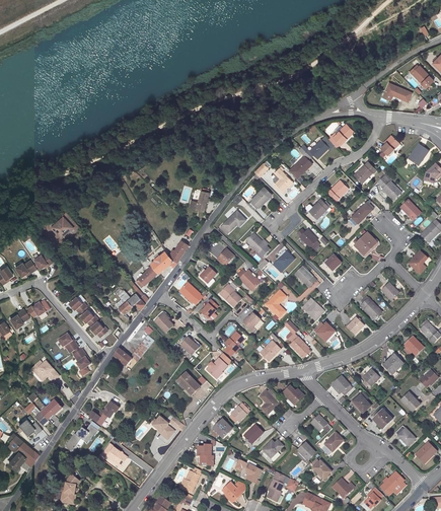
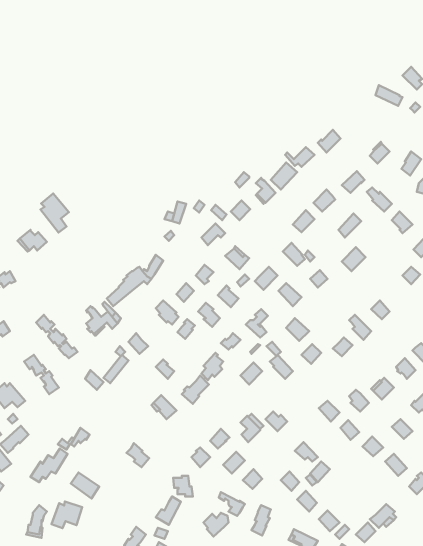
building: none -> [41,194,69,232]
building: none -> [51,502,82,528]

